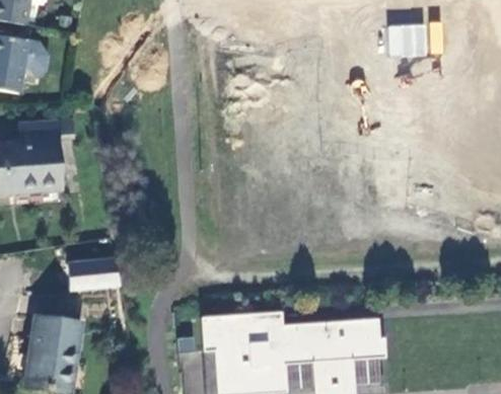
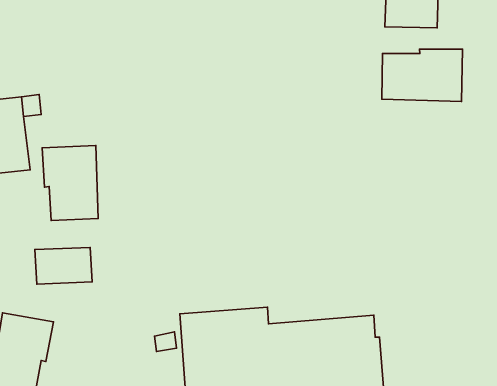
building: none -> [382,49,463,101]
building: none -> [42,146,98,221]

